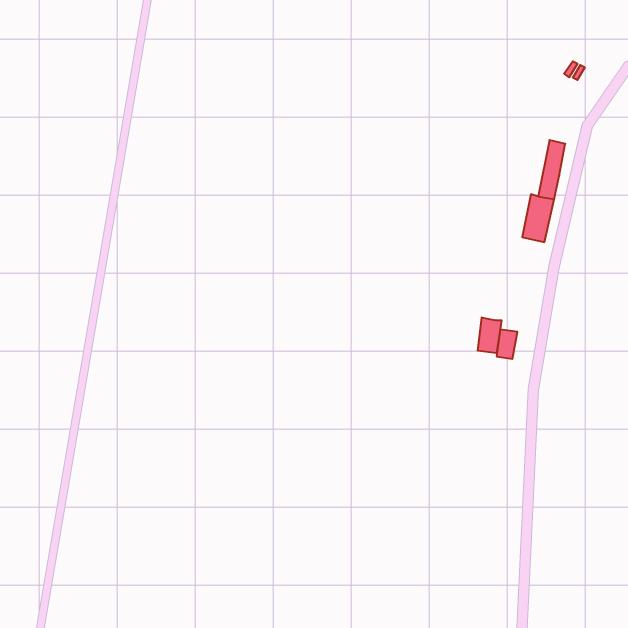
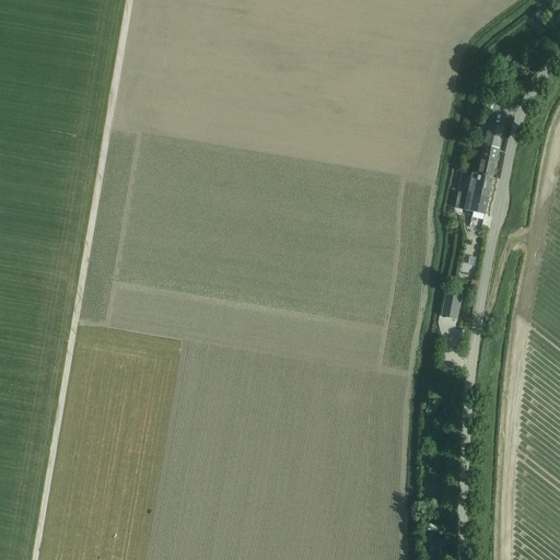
building: [478,317,502,353] -> none

